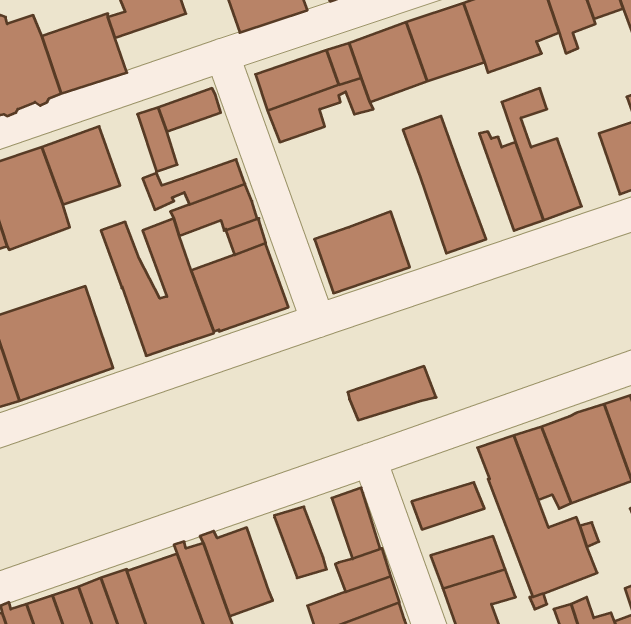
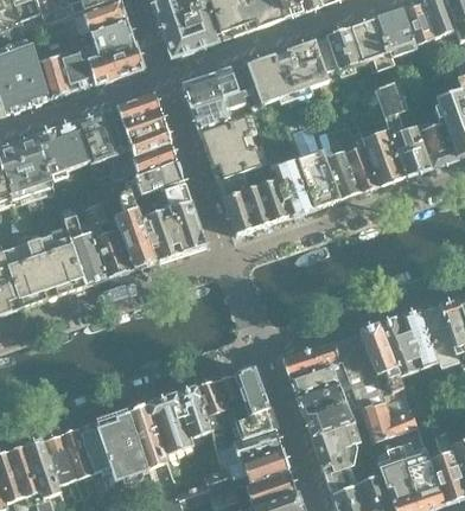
building: none -> [87,43,144,83]
building: none -> [375,82,432,174]
building: none -> [122,110,170,155]
building: none -> [76,111,115,160]
building: none -> [199,116,257,197]
building: none -> [321,124,359,197]
building: none -> [269,154,313,216]
building: none -> [63,213,108,285]
building: [348,366,436,420] -> [282,339,343,376]
building: none -> [216,373,249,417]
building: none -> [297,381,345,413]
building: none -> [177,387,212,437]

